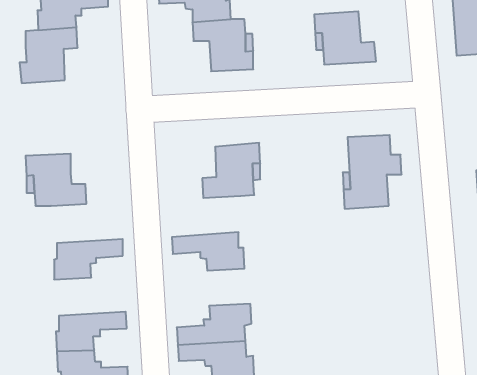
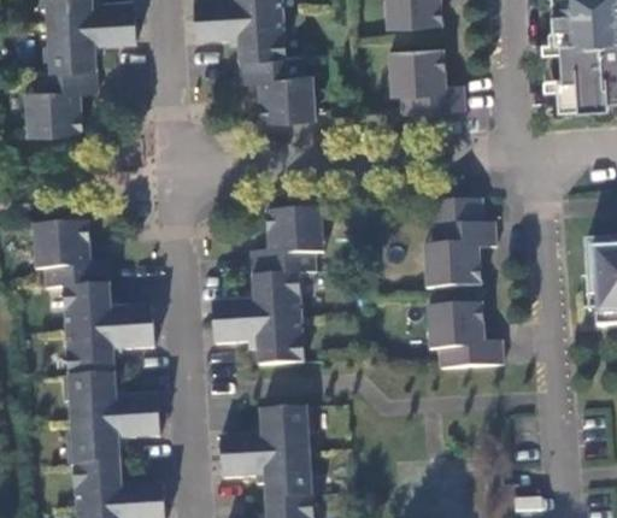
building: none -> [212,273,299,324]
building: none -> [65,283,153,331]
building: none -> [427,304,501,369]
building: none -> [69,373,157,420]

